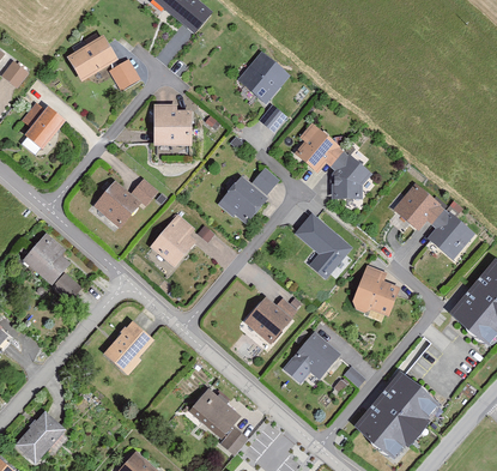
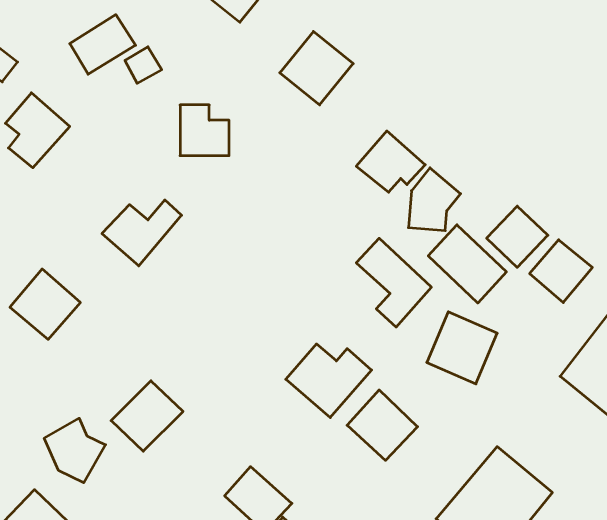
building: [212,168,280,228] -> none
building: none -> [428,225,506,303]
building: [147,216,204,271] -> none
building: none -> [44,418,106,483]

